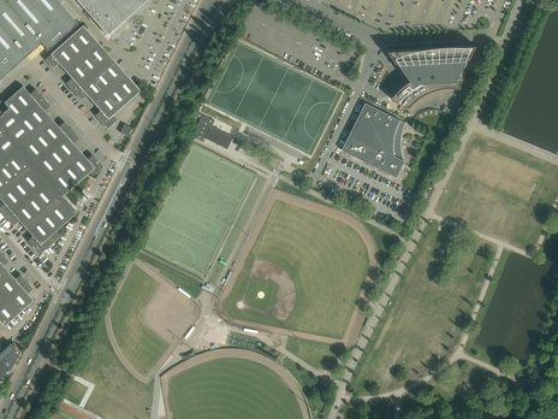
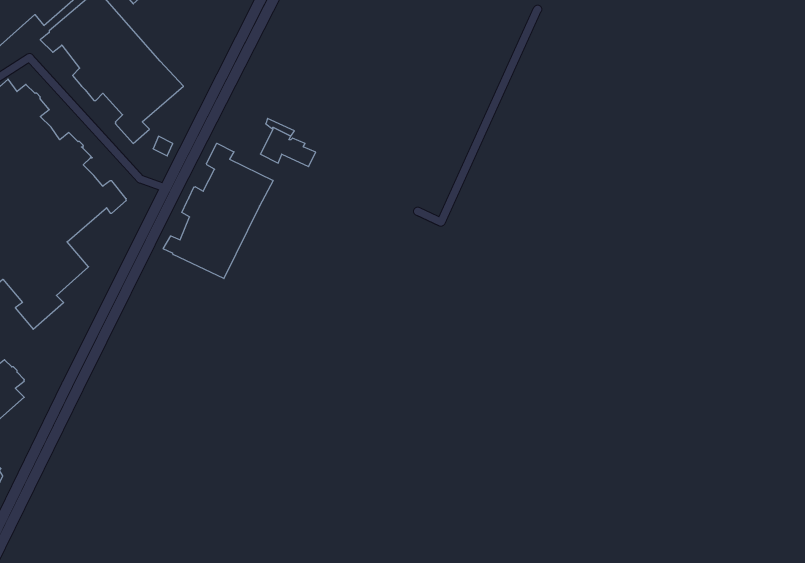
building: [388,46,475,114] -> none
building: [342,104,404,177] -> none
building: none -> [163,143,273,279]

